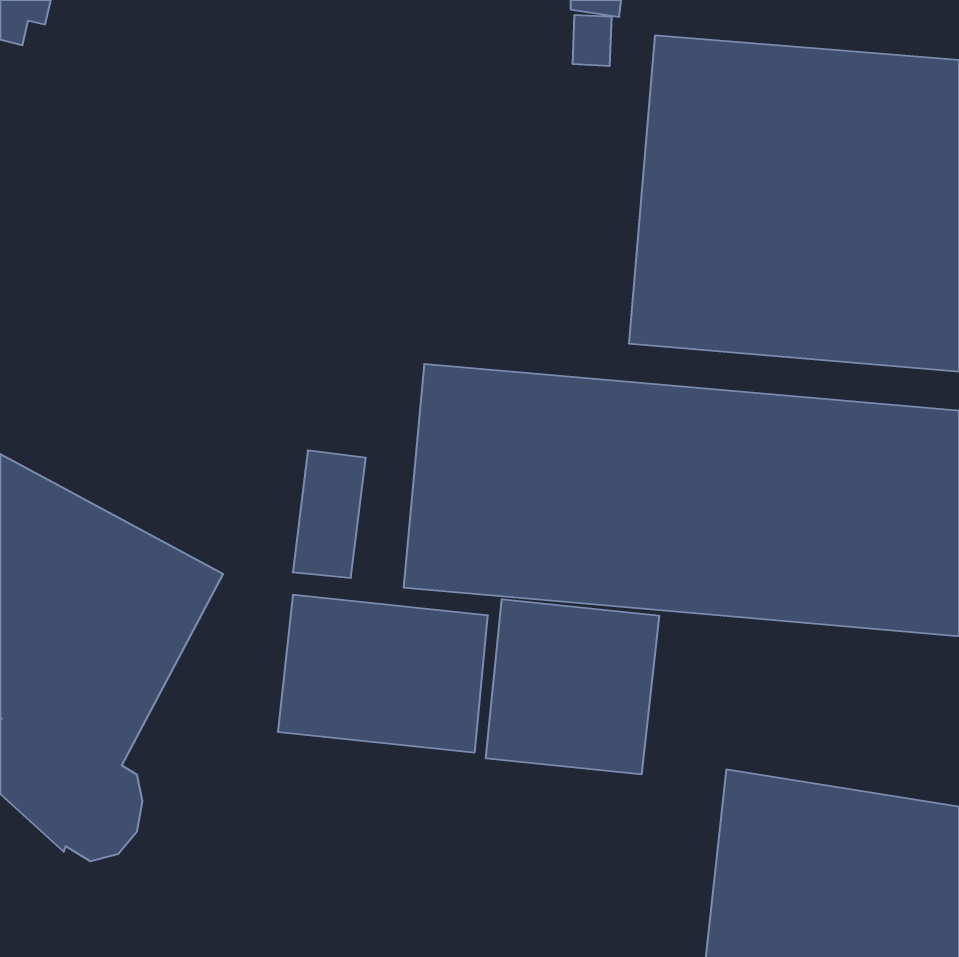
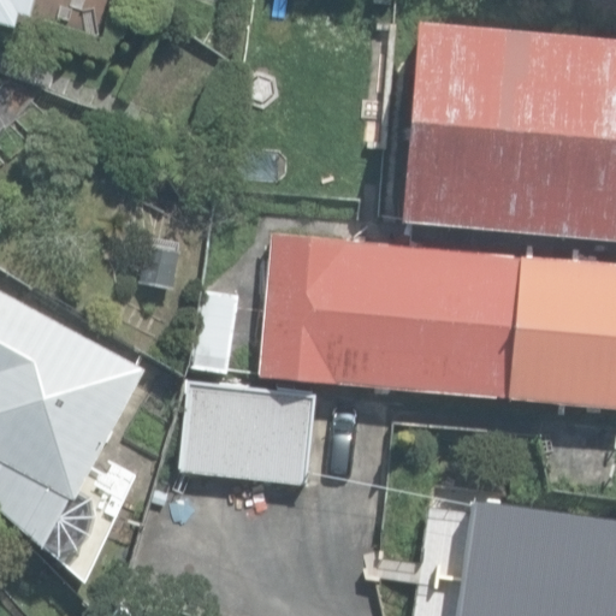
building: [486,599,659,774] -> none

